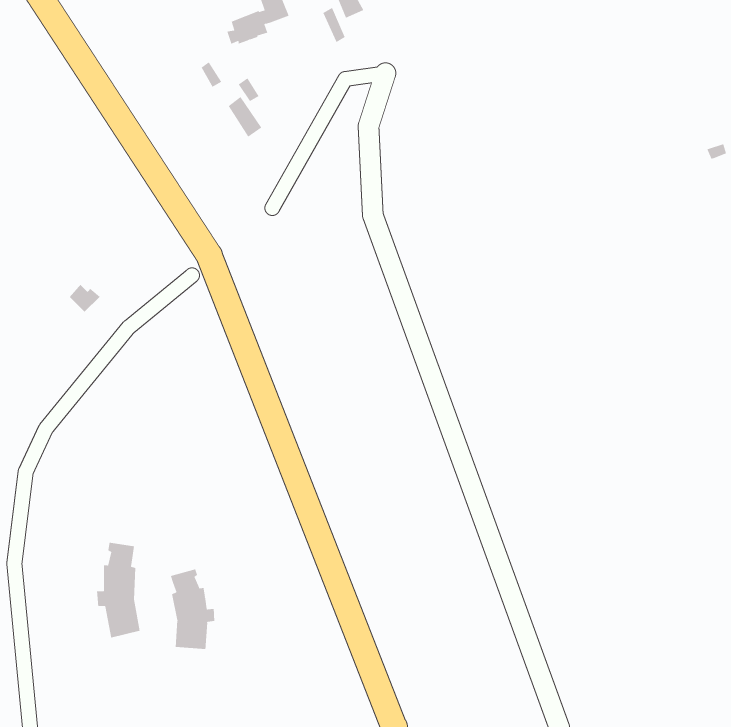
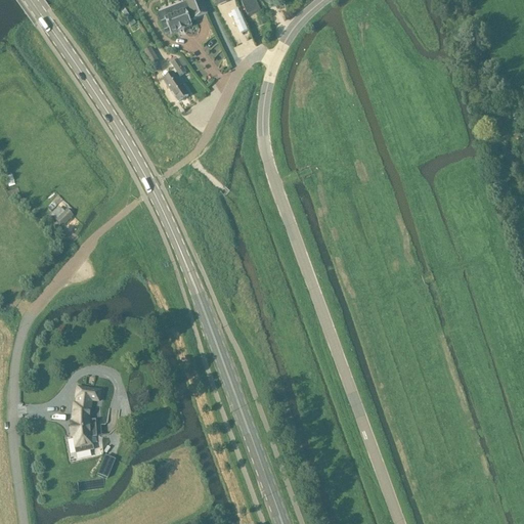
building: [170,568,215,650] -> none

